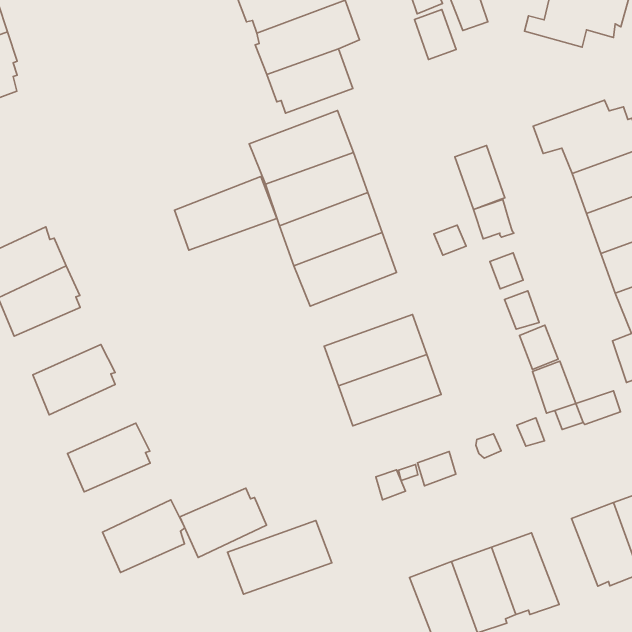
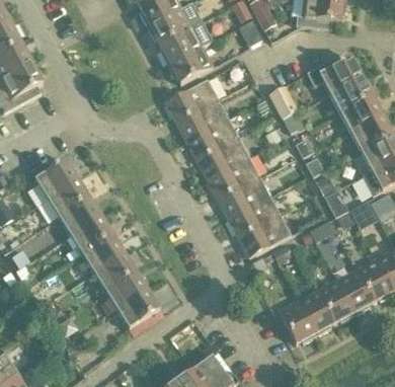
building: [174,176,277,250] -> [207,157,259,200]
building: none -> [59,198,103,235]
building: none -> [82,234,127,273]
building: [180,488,267,557] -> [105,272,150,310]
building: none -> [335,269,373,314]
building: [228,521,332,594] -> [237,216,291,258]

